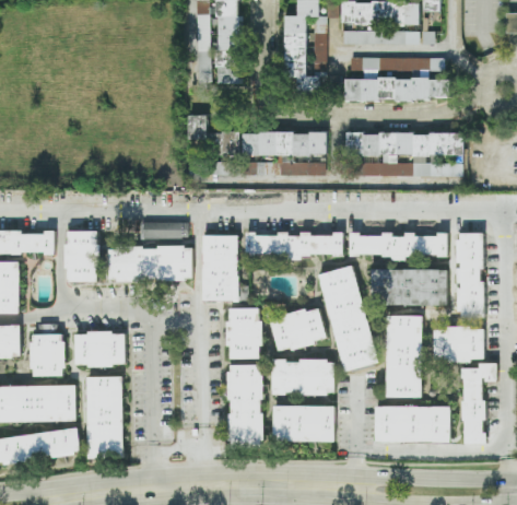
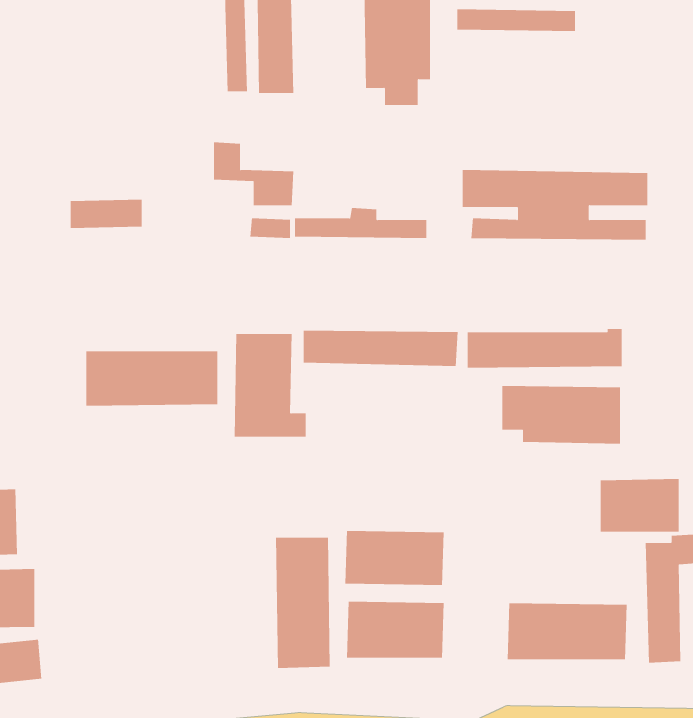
building: [344,57,450,99] -> none
building: [240,132,326,154] -> none
building: [141,221,187,239] -> [70,199,142,229]
building: [64,231,98,282] -> none
building: [457,233,483,317] -> none
building: [320,265,376,371] -> none
building: [270,306,327,351] -> none
building: [227,307,261,359] -> none
building: [385,315,421,397] -> none
building: [73,331,126,366] -> none
building: [86,376,122,457] -> none

